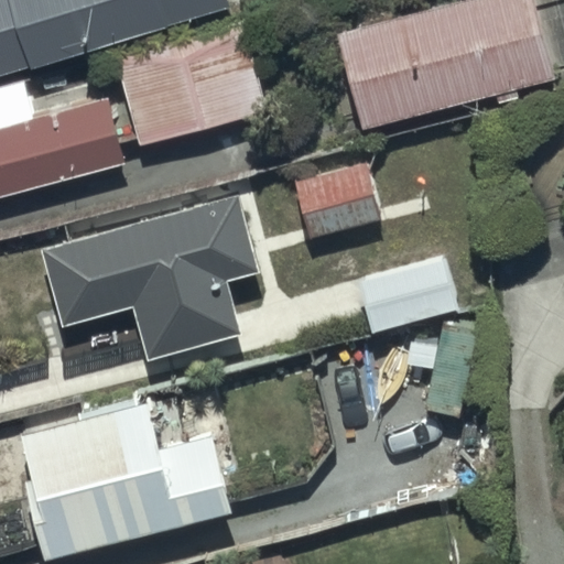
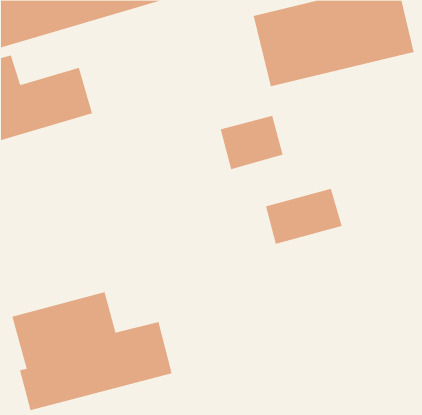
building: [115,22,268,148] -> none
building: [40,194,261,364] -> none

